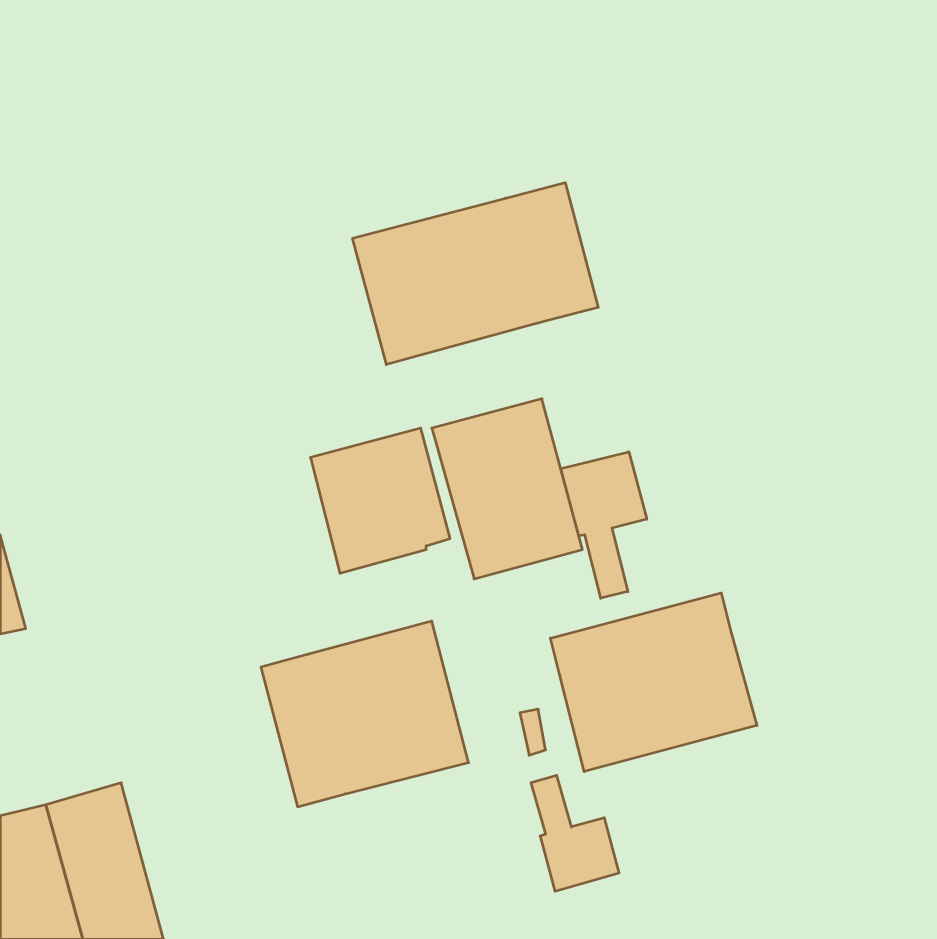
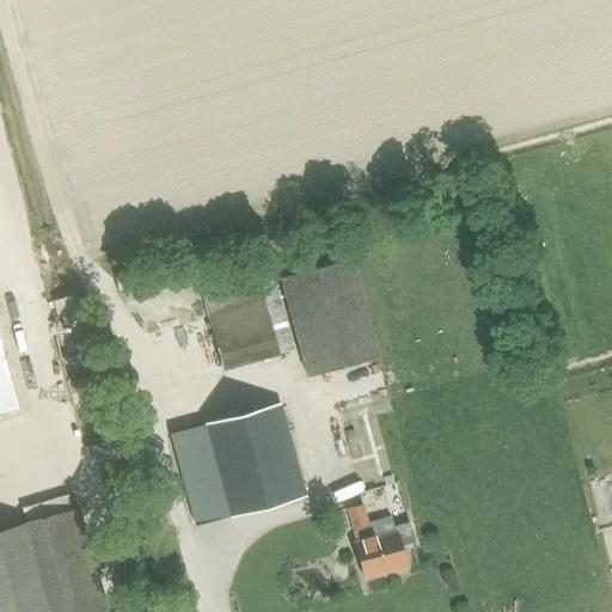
building: [353,183,598,365] -> none
building: [561,452,647,598] -> none
building: [550,593,757,772] -> none

